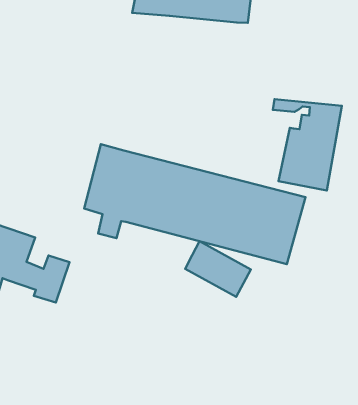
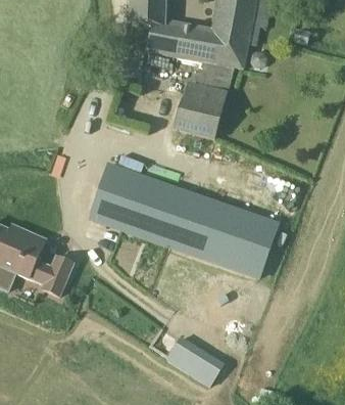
building: [273,99,342,190] -> [174,57,233,139]
building: [185,241,251,297] -> [166,335,223,386]

